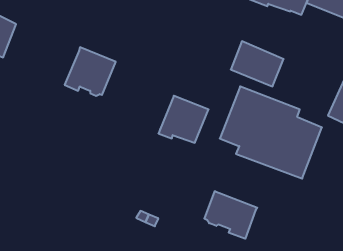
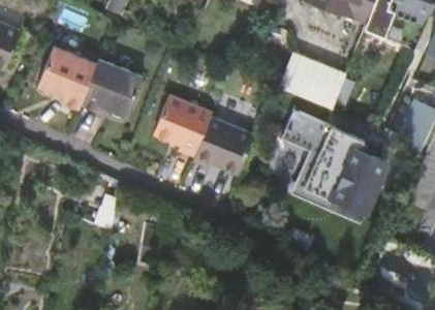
building: none -> [37,48,97,111]
building: none -> [154,97,214,159]
building: [204,191,257,239] -> none

